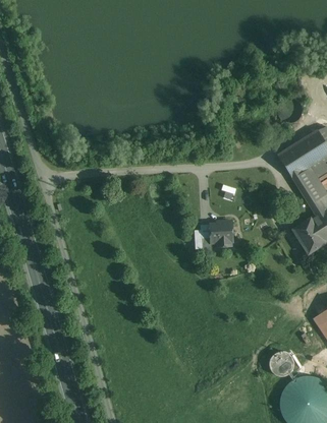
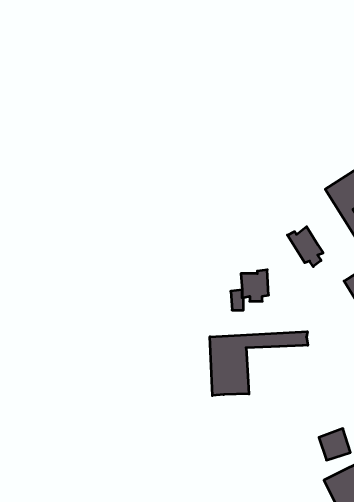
building: none -> [287,227,323,267]
building: none -> [210,332,308,396]

